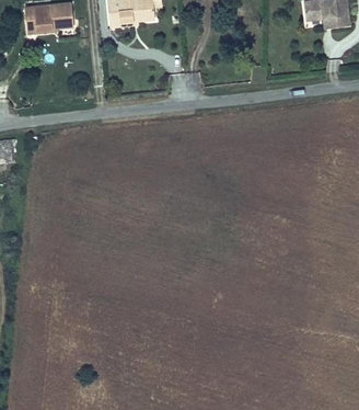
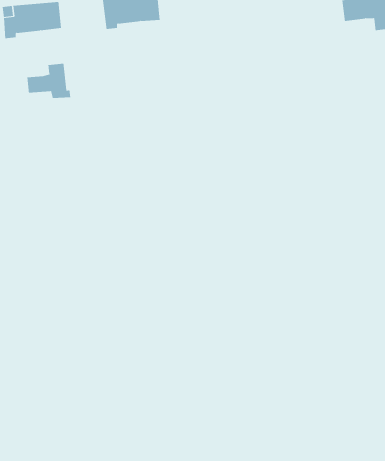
building: none -> [27,63,71,99]

